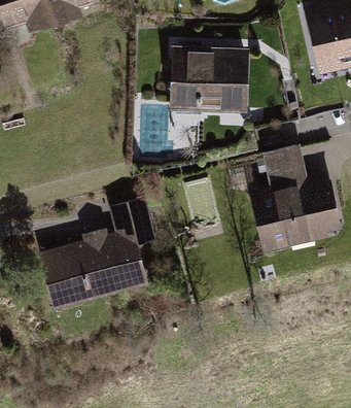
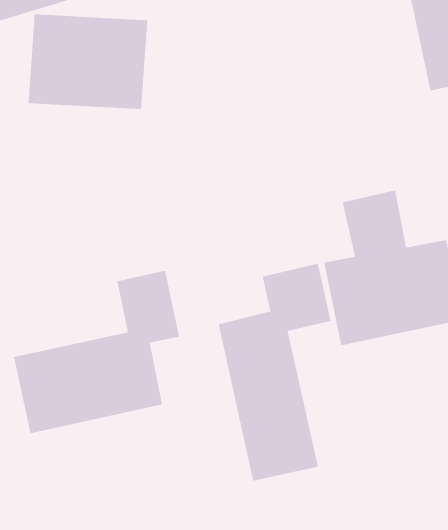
building: [170,46,250,110] -> [28,14,148,110]
building: none -> [218,263,331,482]

